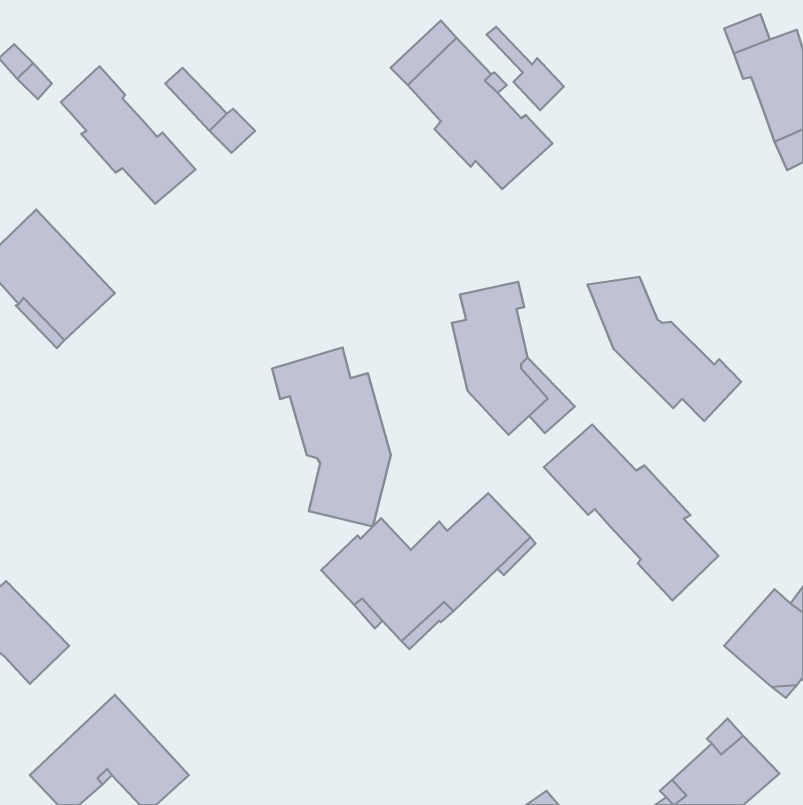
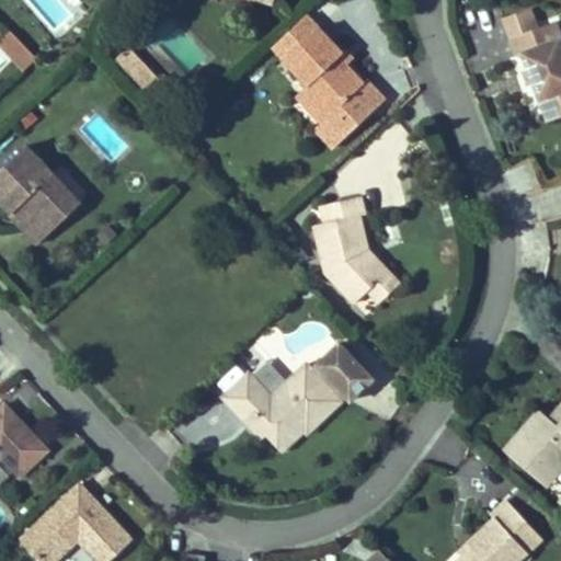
building: [487,27,564,110] -> [296,90,350,148]
building: [61,66,195,204] -> none
building: [588,277,741,421] -> none
building: [272,347,391,527] -> none
building: [544,425,719,600] -> none

